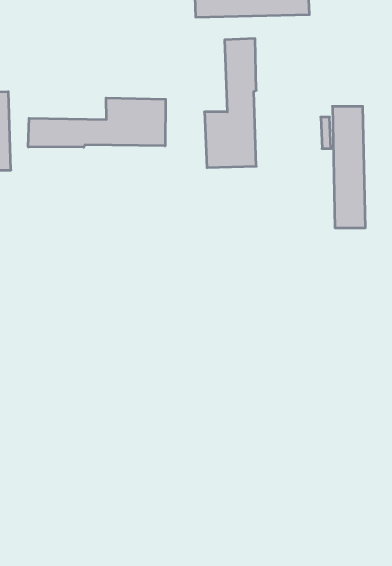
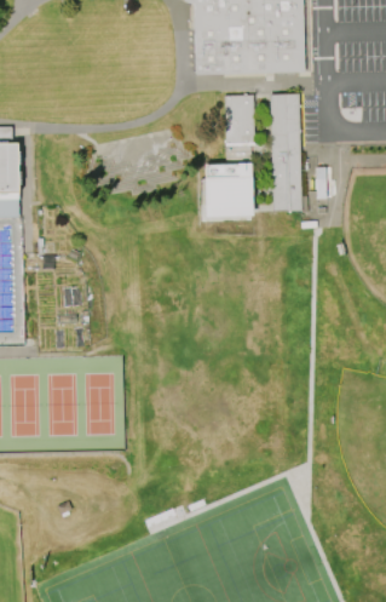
building: [28,98,166,147] -> none
building: [332,106,365,228] -> [270,94,301,211]

